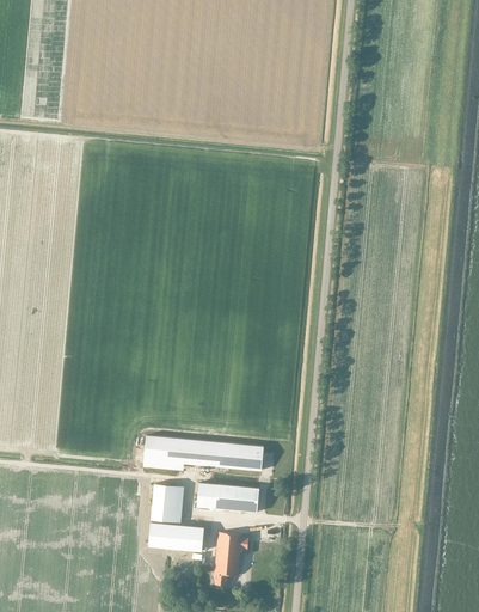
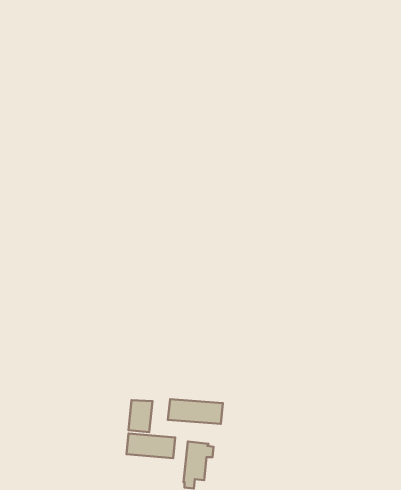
building: [143,435,263,470] -> none

